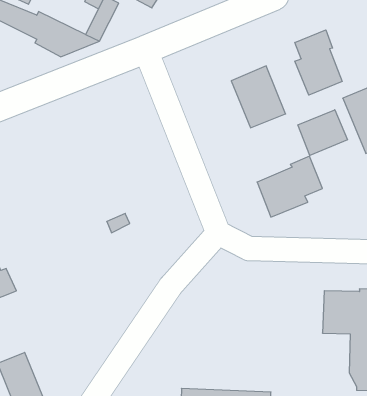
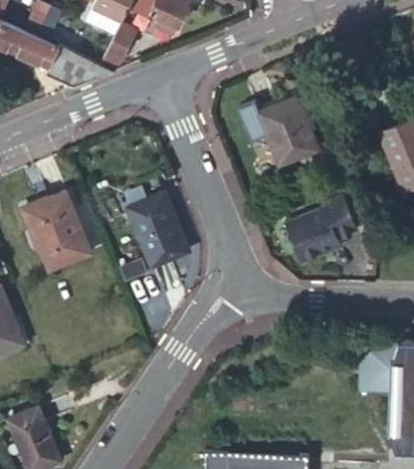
building: [295,30,342,95] -> none
building: [298,110,347,155] -> none
building: none -> [24,192,91,271]
building: none -> [129,194,189,266]

